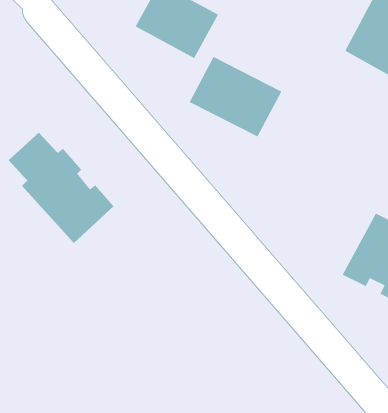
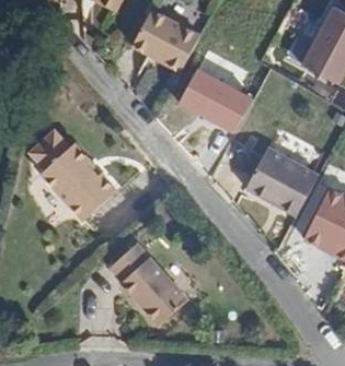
building: none -> [241,150,318,222]
building: none -> [110,244,187,327]

